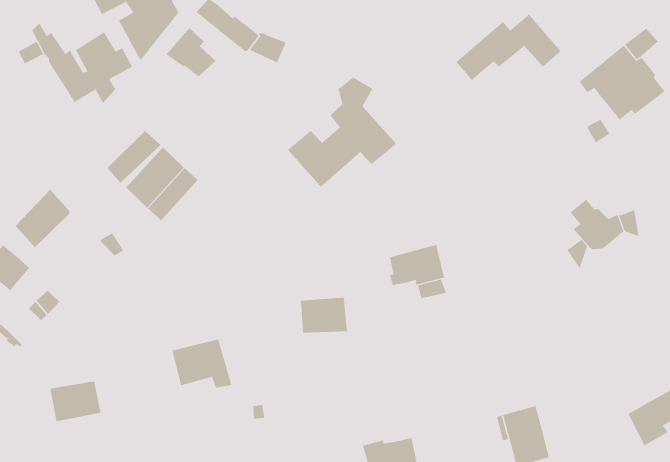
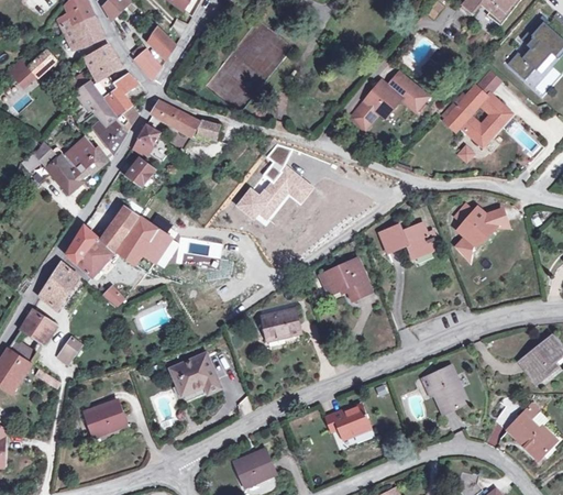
building: none -> [124,157,155,187]
building: none -> [66,226,112,276]
building: none -> [378,222,432,259]

